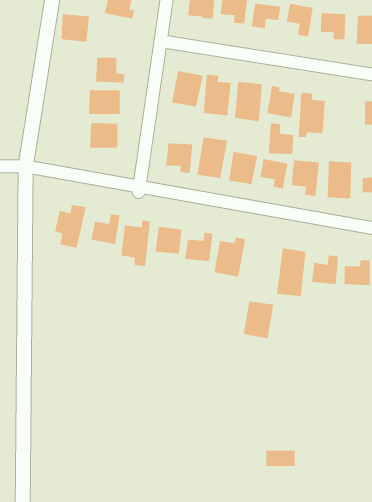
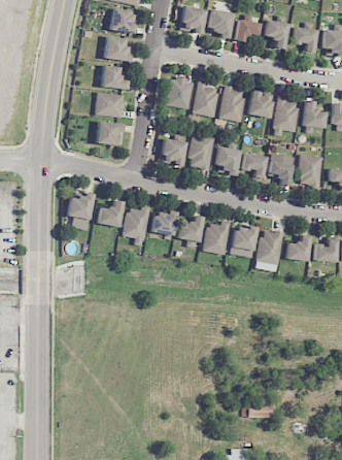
building: [61,13,90,42] -> [105,36,130,61]
building: [268,122,294,155] -> [303,100,326,128]
building: [243,301,274,339] -> [230,225,256,258]

